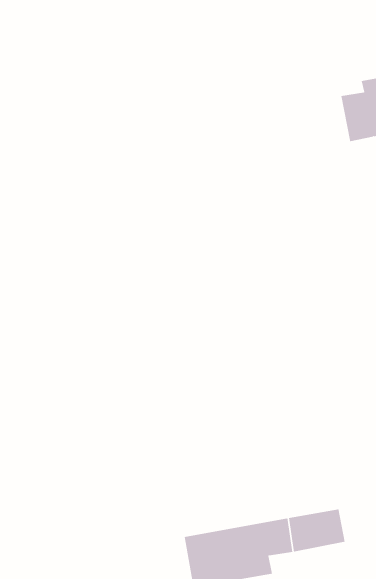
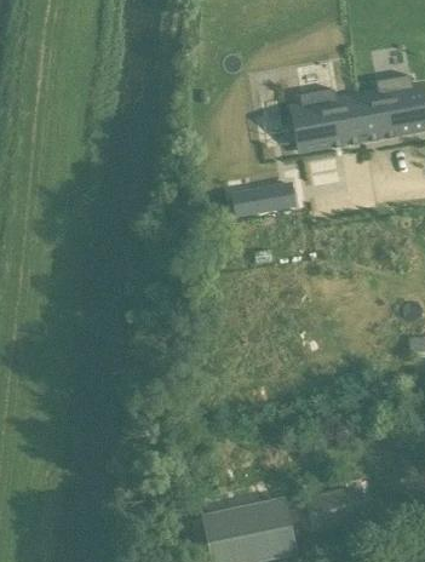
building: none -> [291,90,363,151]
building: none -> [231,185,293,217]

